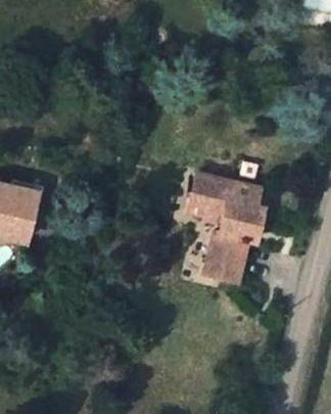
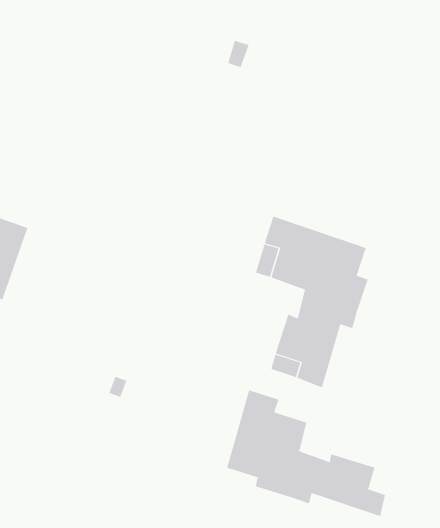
building: none -> [227,390,385,517]

